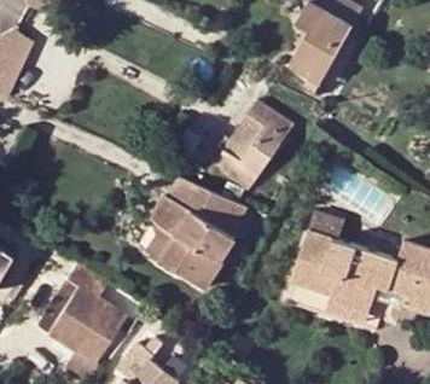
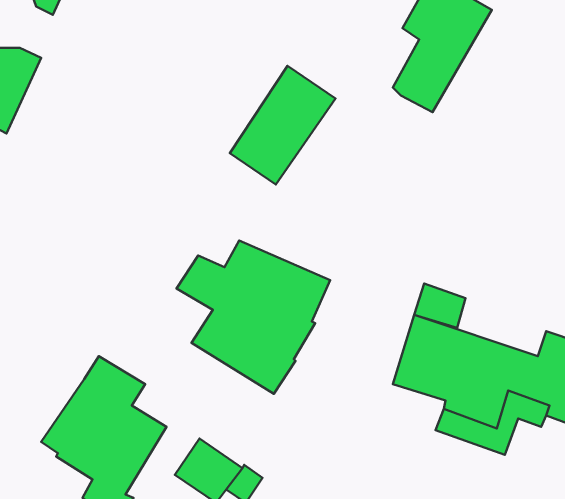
building: [215,103,292,190] -> [230,66,335,184]

